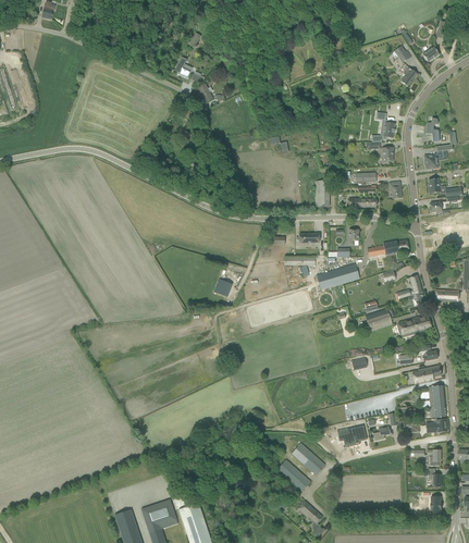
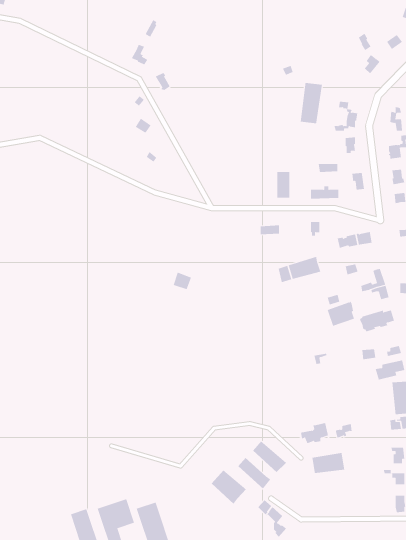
building: none -> [300,82,323,124]
building: none -> [312,452,345,474]
building: none -> [211,470,247,504]

